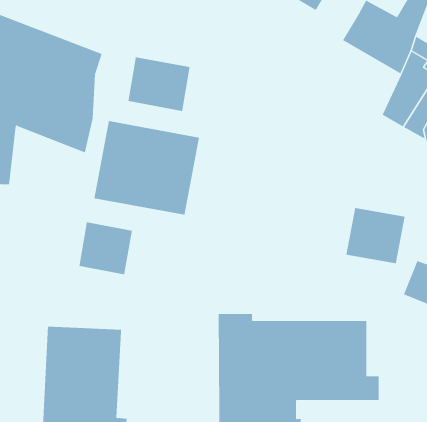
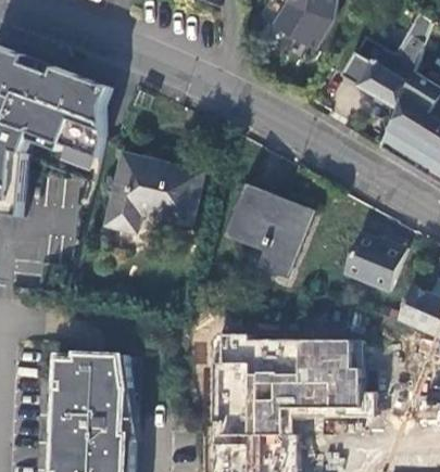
building: [128,56,190,112] -> none
building: none -> [221,181,314,279]
building: [79,222,132,275] -> none

